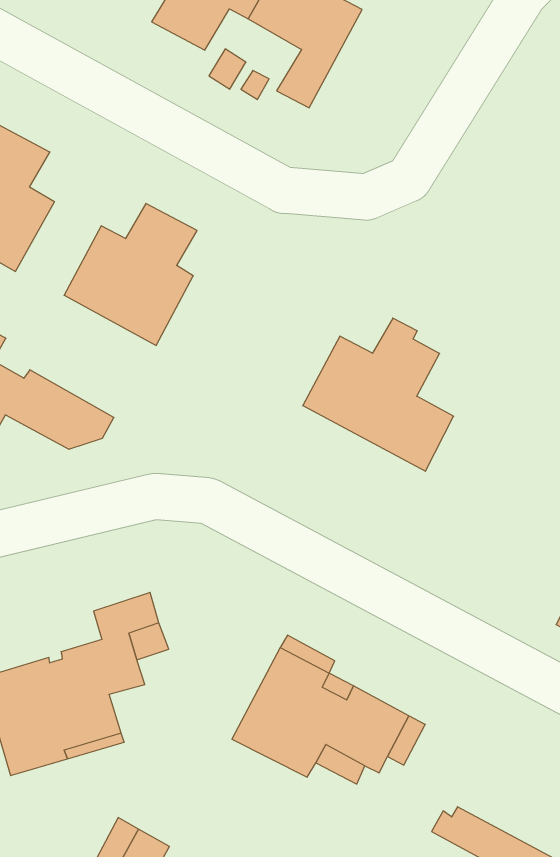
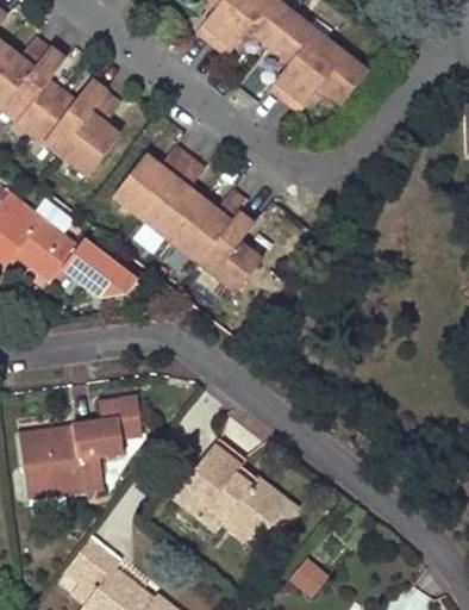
building: none -> [289,44,368,111]
building: [303,318,454,471] -> [167,191,262,292]

